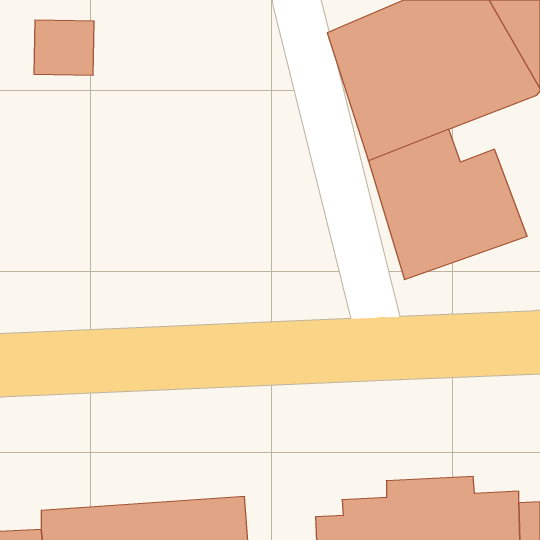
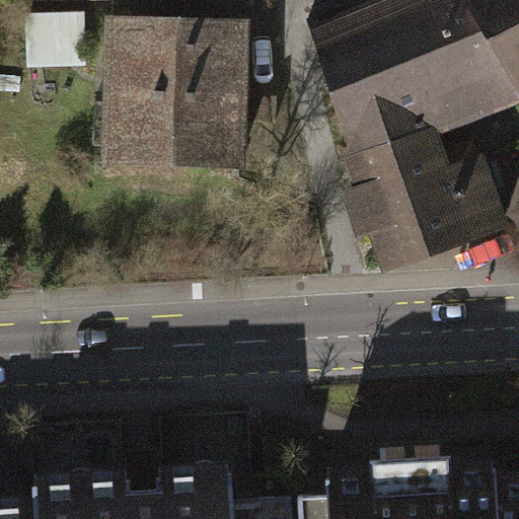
building: none -> [108,20,276,168]

